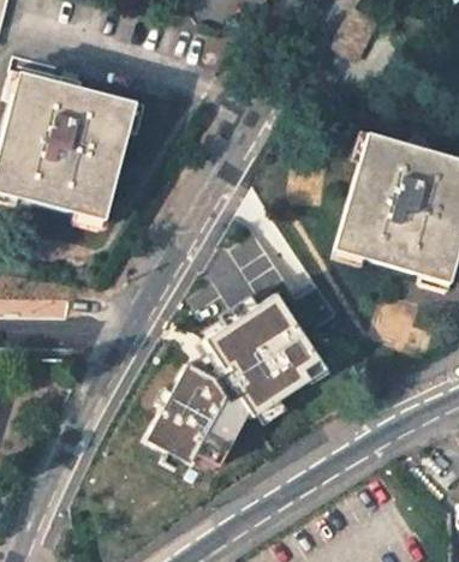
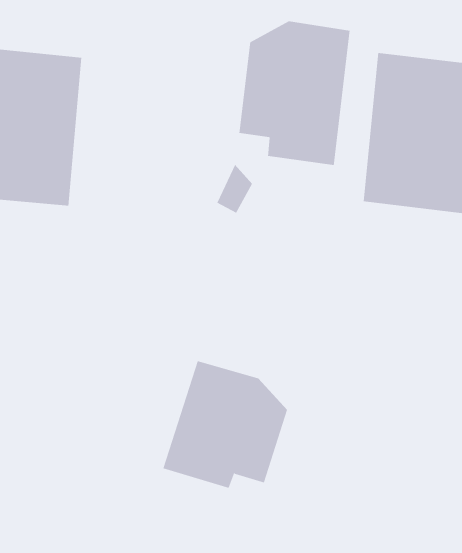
building: none -> [239,21,350,166]
building: [209,293,330,419] -> none

